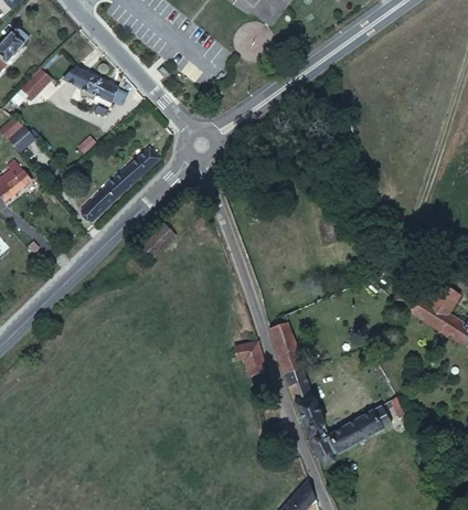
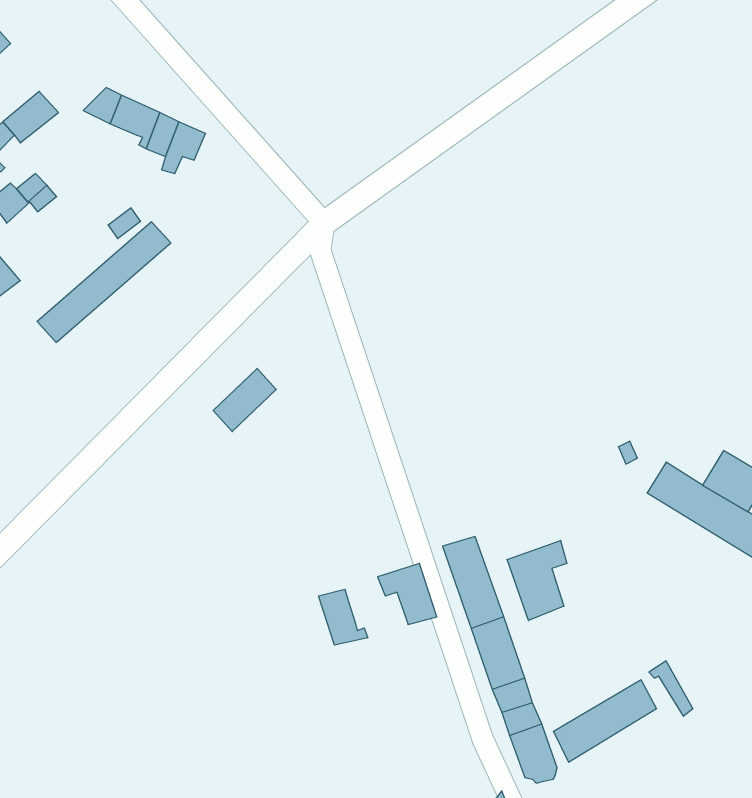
building: [81,148,158,217] -> [37,222,171,342]
building: none -> [507,540,567,621]
building: none -> [319,589,368,645]

